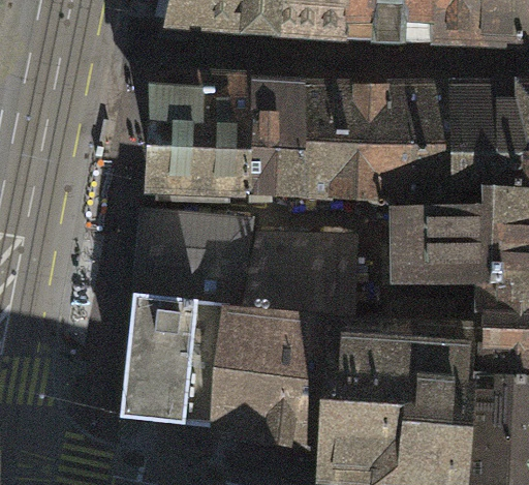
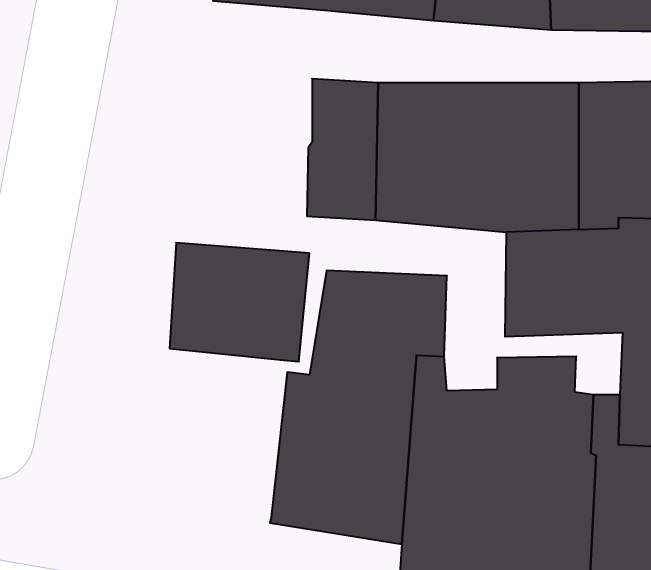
building: [156,75,249,191] -> none
building: [123,295,229,427] -> none

